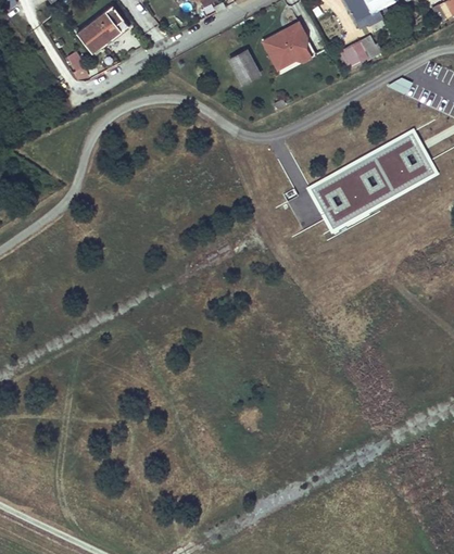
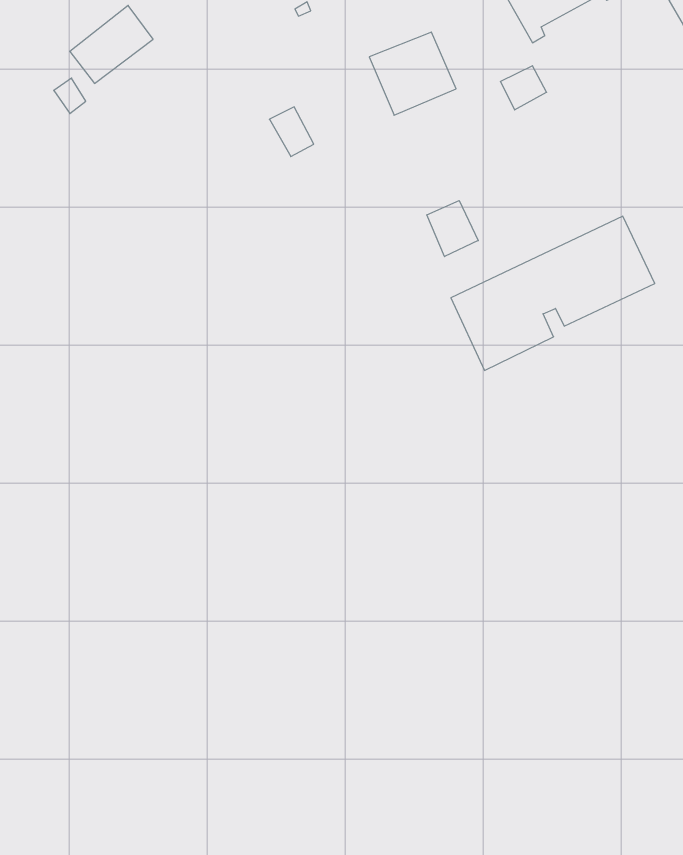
building: [230,51,257,81] -> [269,107,314,157]
building: none -> [427,201,478,257]

